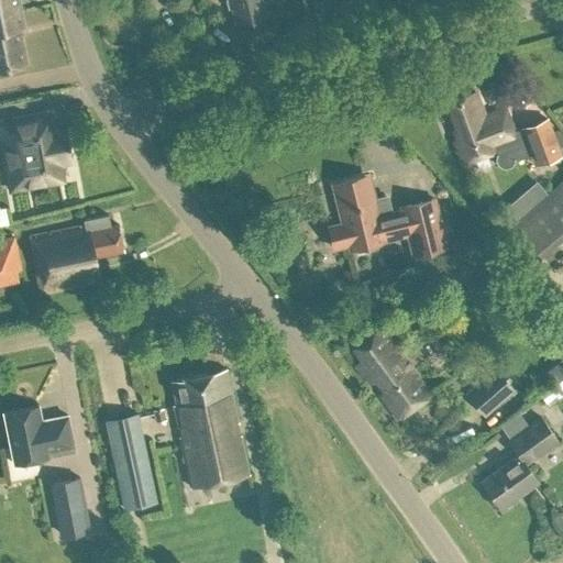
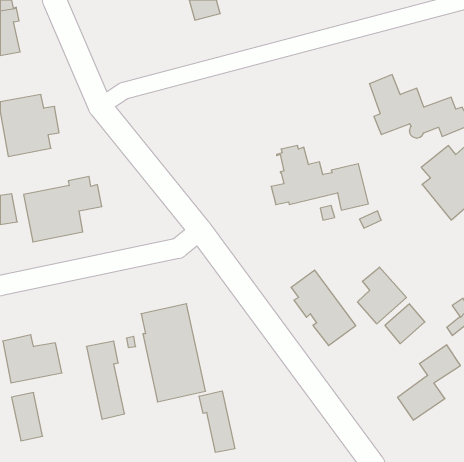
building: none -> [358,267,406,324]
building: none -> [199,391,235,452]
building: [54,479,91,538] -> [12,393,43,441]

